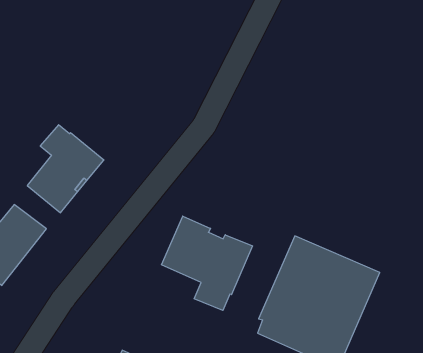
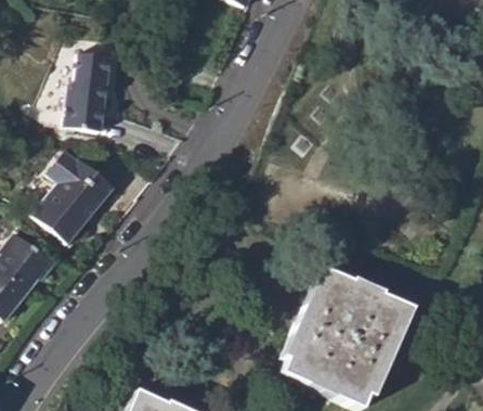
building: none -> [64,52,113,131]
building: [162,216,253,310] -> none

